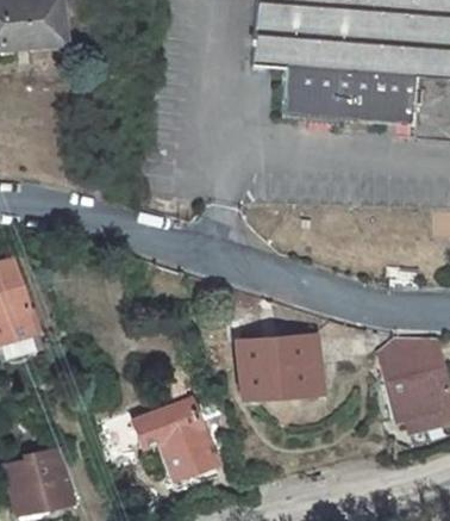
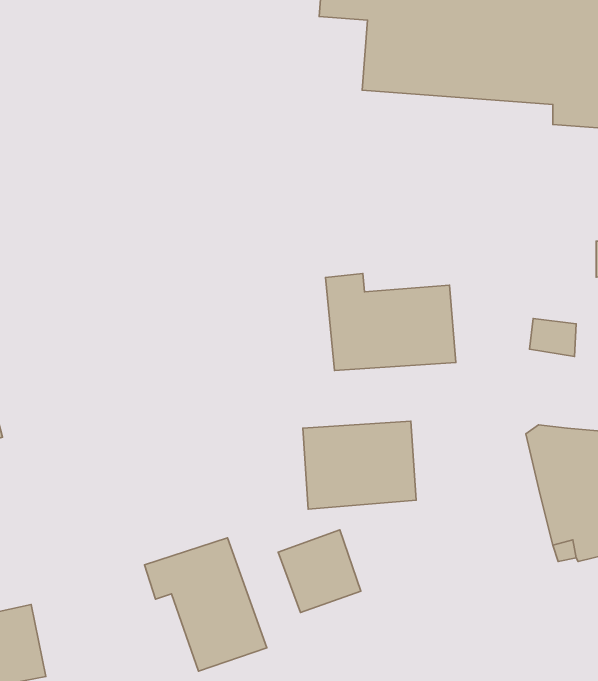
building: none -> [326,274,456,370]
building: none -> [278,530,361,613]

